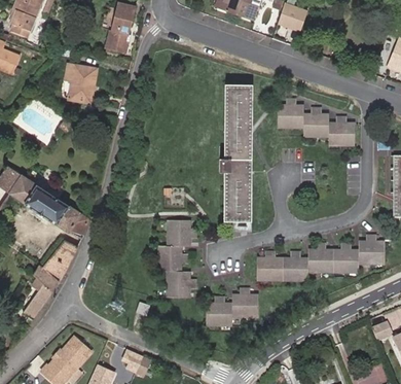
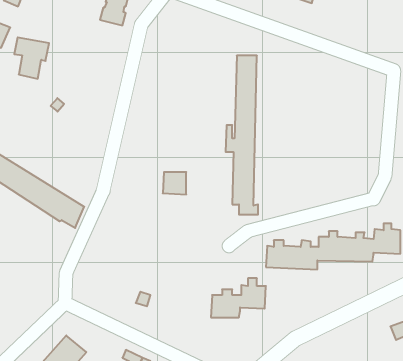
building: [67,64,99,102] -> [14,37,49,79]
building: [280,96,355,143] -> none
building: [161,215,196,294] -> none
building: [24,241,77,324] -> none

